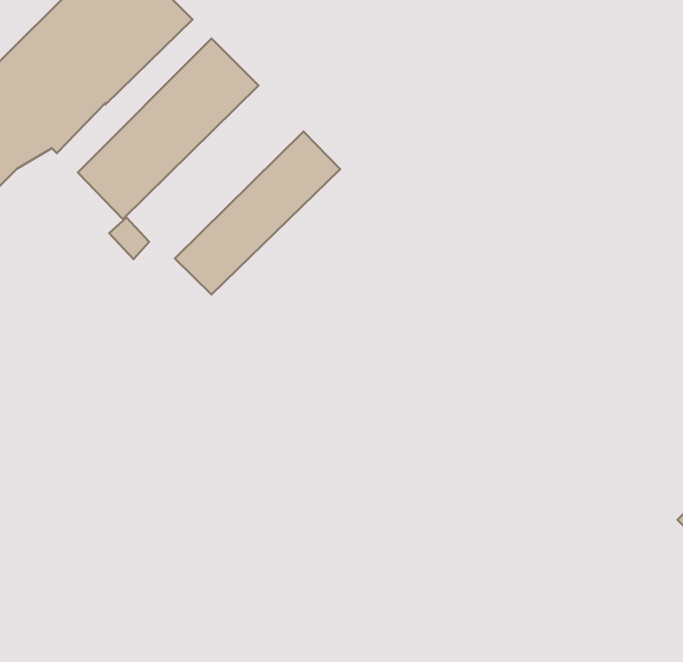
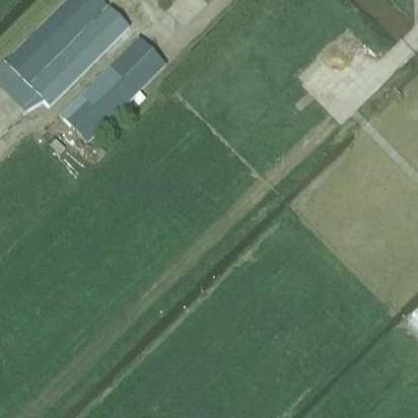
building: [175,131,340,295] -> none

